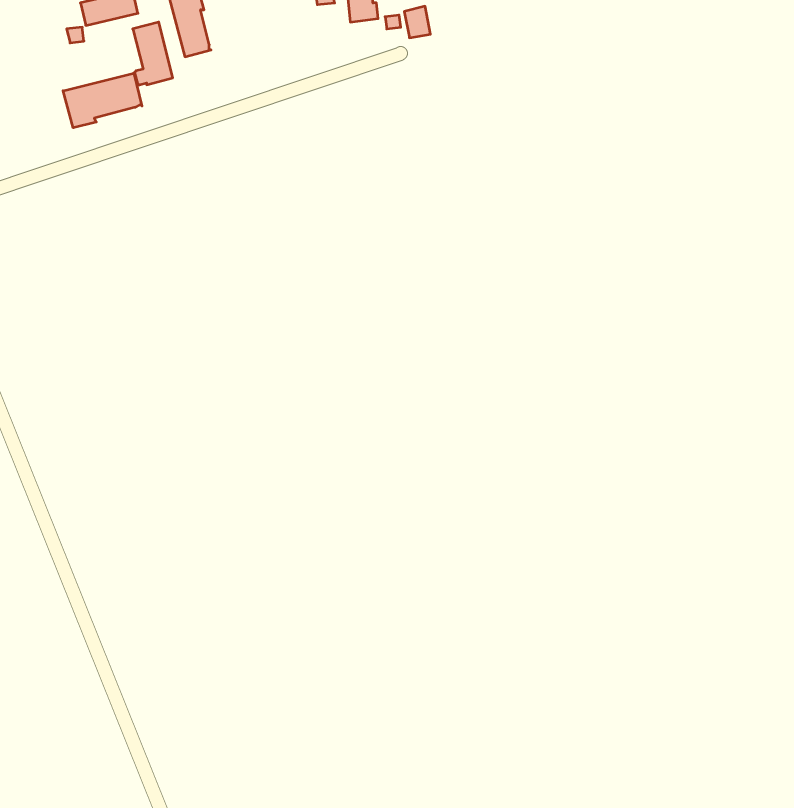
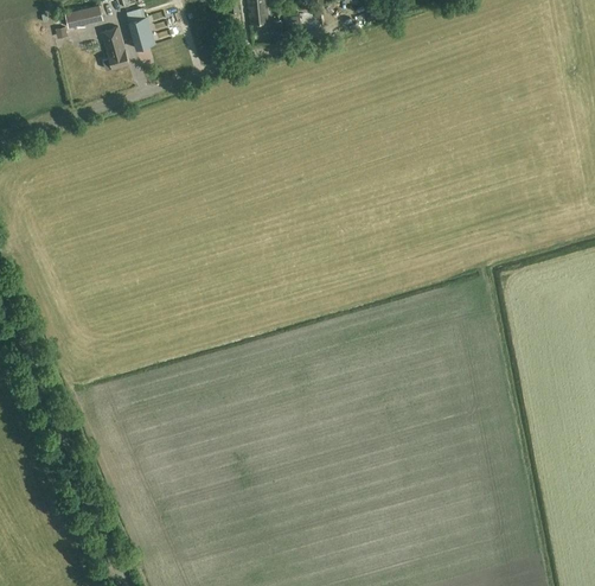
building: [63,73,142,128] -> none

